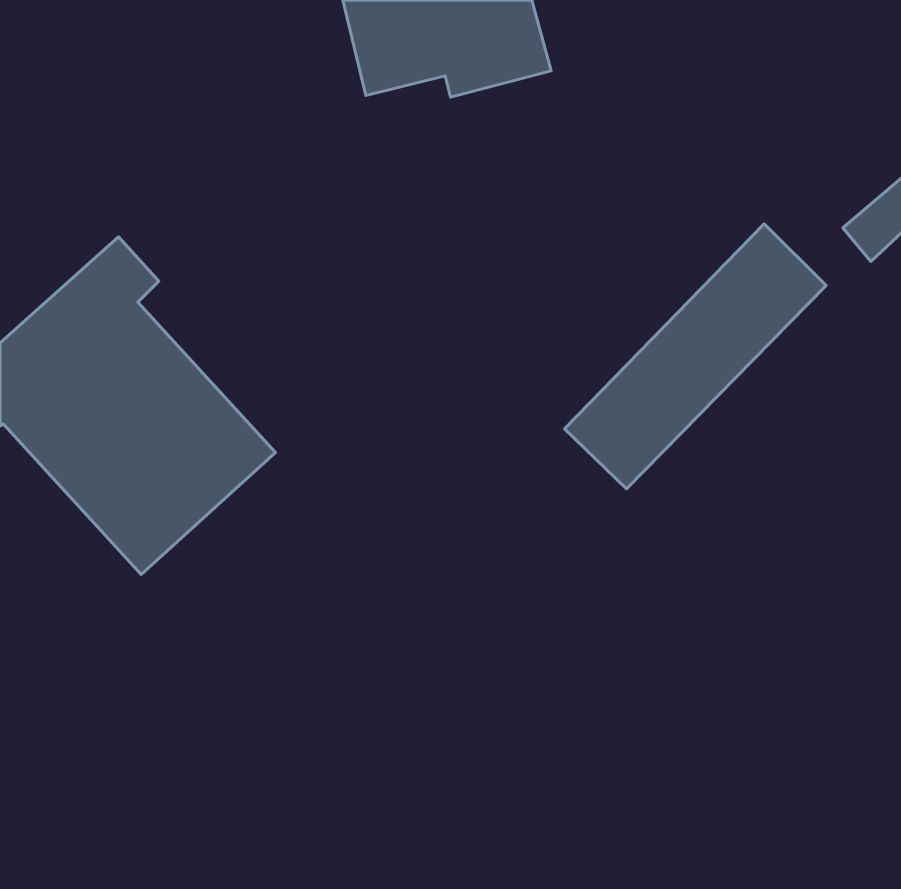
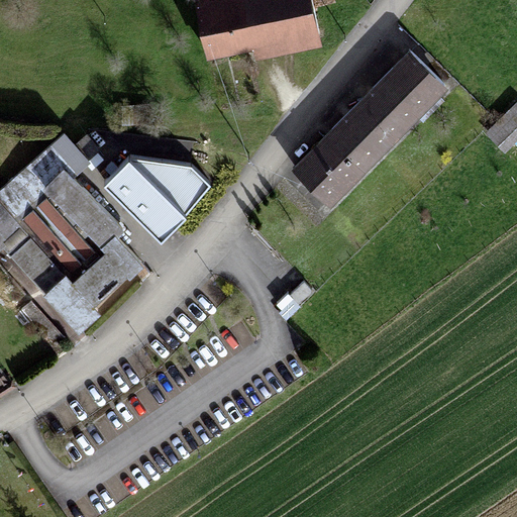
building: [565,224,826,489] -> [288,56,437,207]
building: none -> [104,149,211,232]

